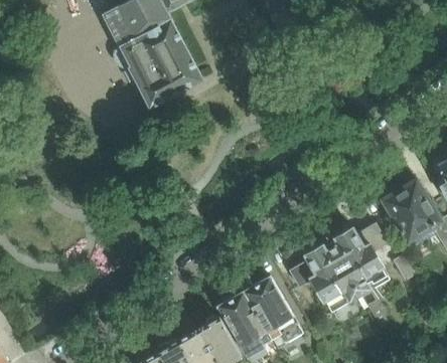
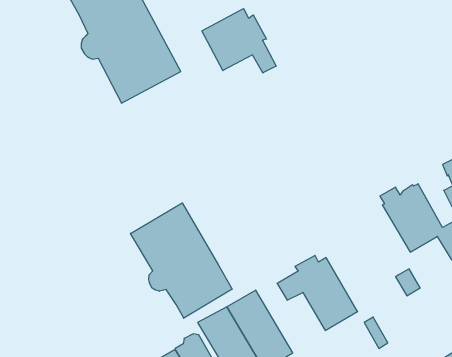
building: none -> [202,9,276,73]
building: none -> [130,203,232,318]
building: [332,223,389,296] -> none

